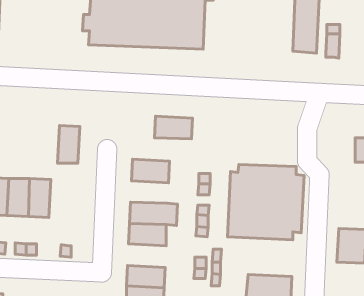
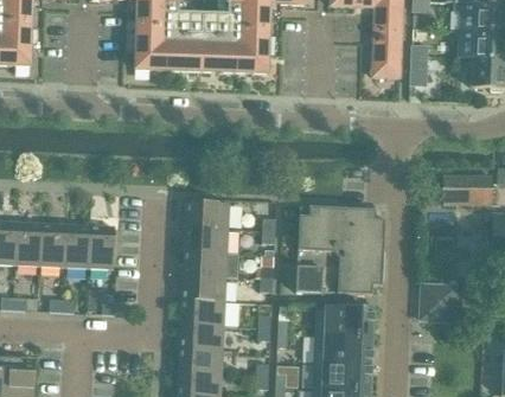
building: [155,116,192,139] -> [184,225,228,251]
building: [57,125,80,163] -> [89,224,115,268]
building: none -> [180,299,225,326]
building: none -> [320,306,373,337]

